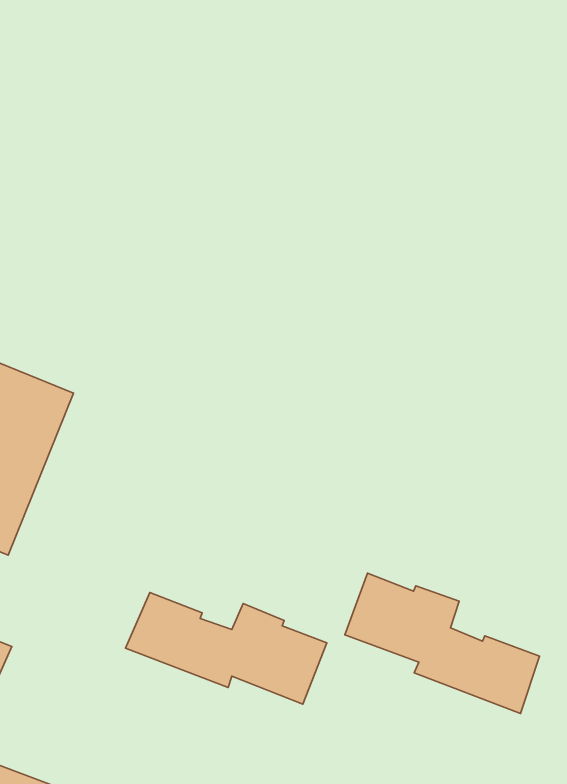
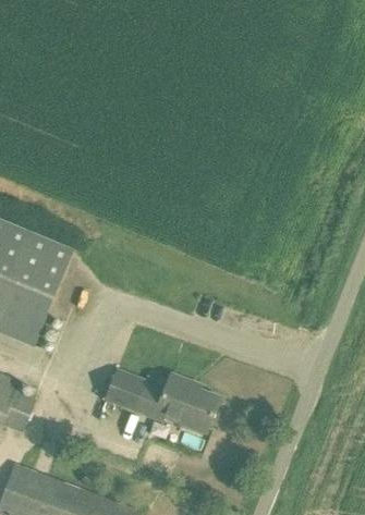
building: [345,573,540,713] -> none

